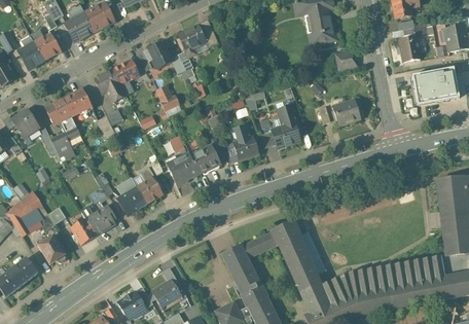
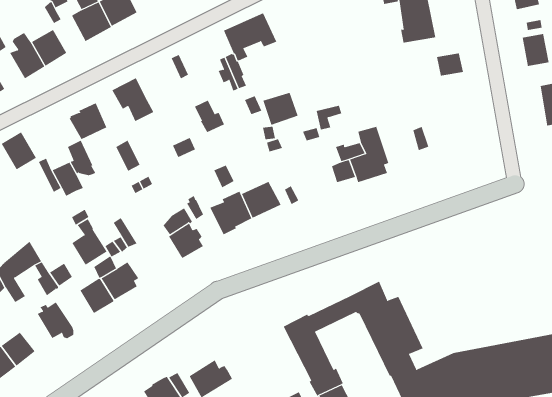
building: [146,41,172,69] -> none
building: [112,60,138,95] -> none
building: [44,98,71,124] -> none
building: [332,99,359,124] -> none
building: [231,136,258,160] -> [263,92,298,125]
building: [119,179,146,214] -> [71,218,107,265]

